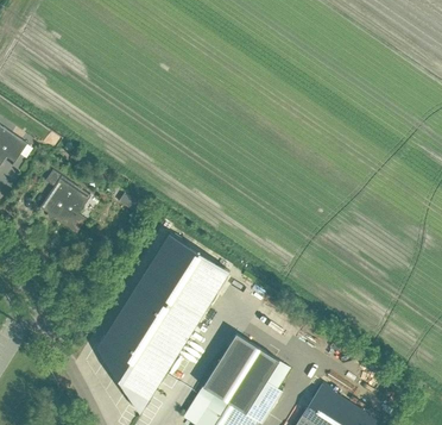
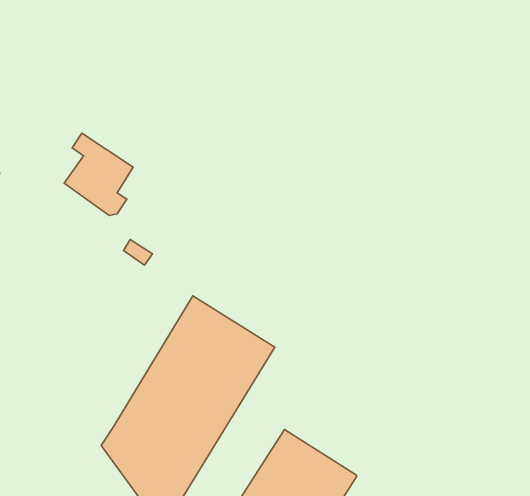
building: [39,170,90,231] -> [64,133,133,215]

